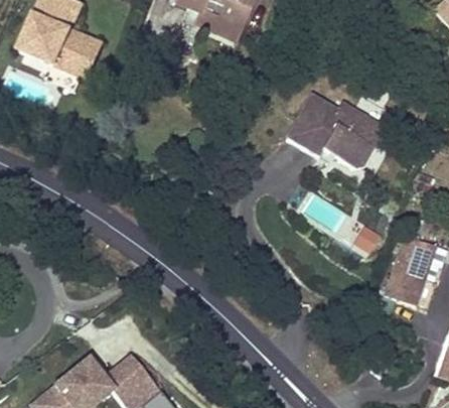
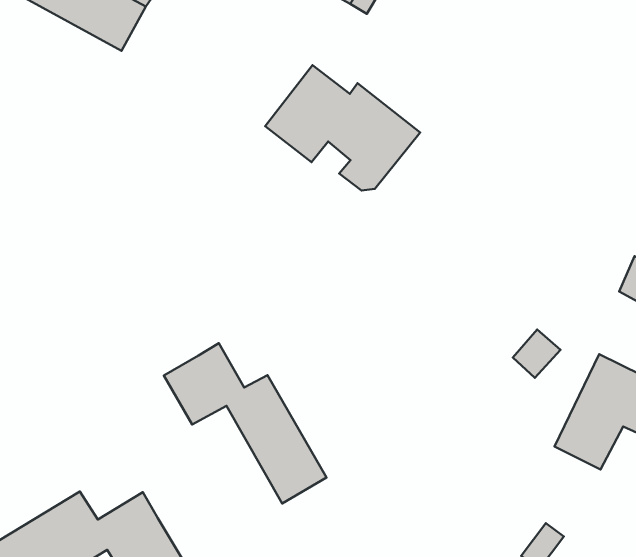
building: [286,98,383,172] -> [265,65,420,191]
building: none -> [164,343,326,503]

